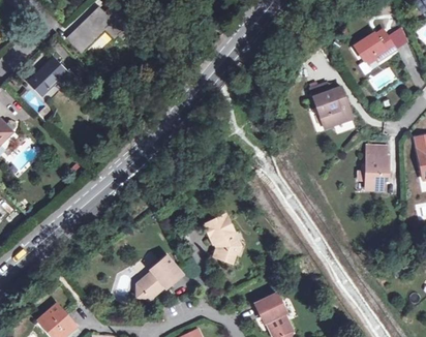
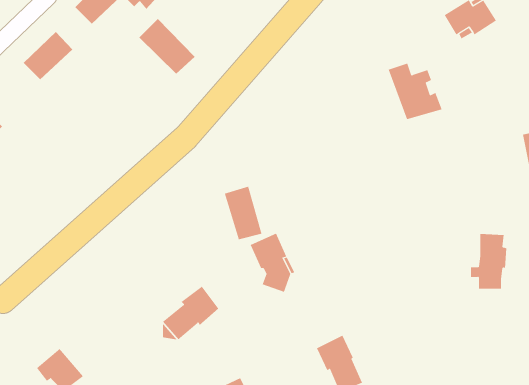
building: none -> [139,18,196,75]
building: [360,147,389,190] -> [470,234,507,289]
building: none -> [224,186,262,240]

